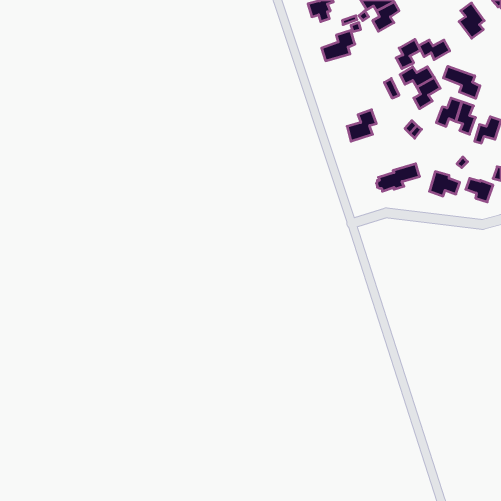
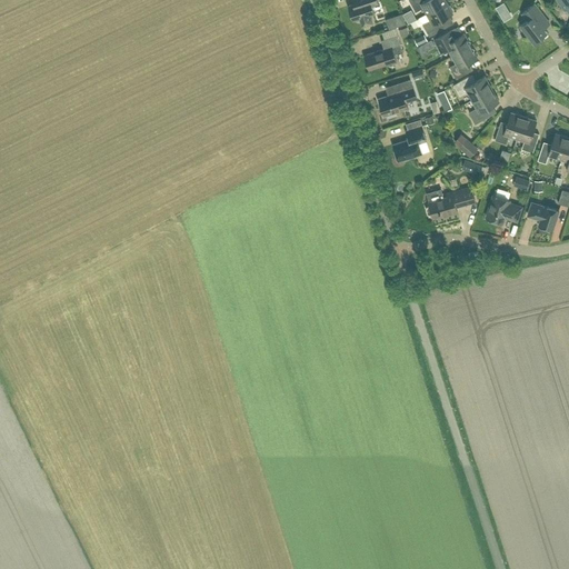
building: [418,40,450,60] -> [435,32,470,54]
building: [443,66,480,98] -> none
building: none -> [379,79,417,114]

